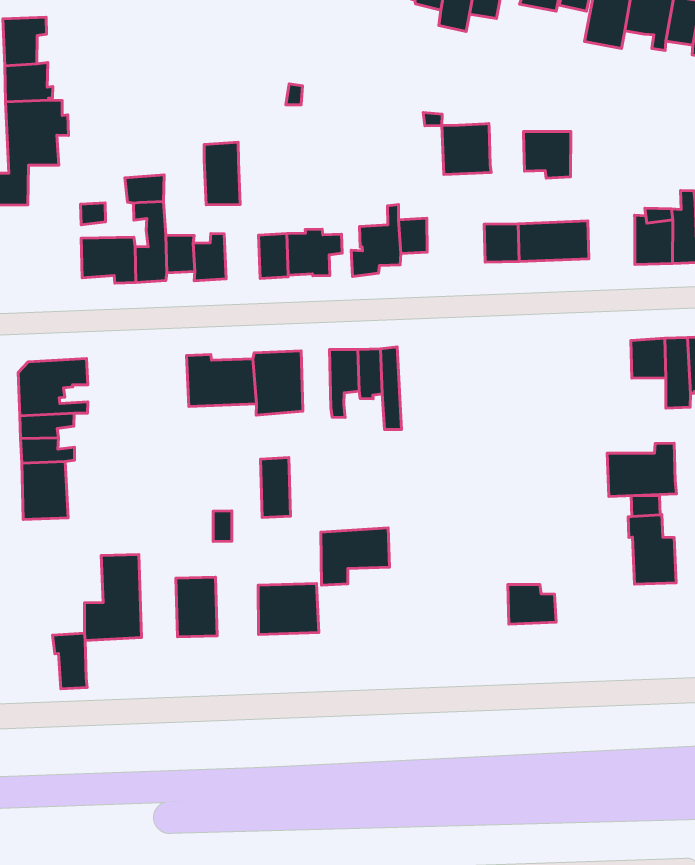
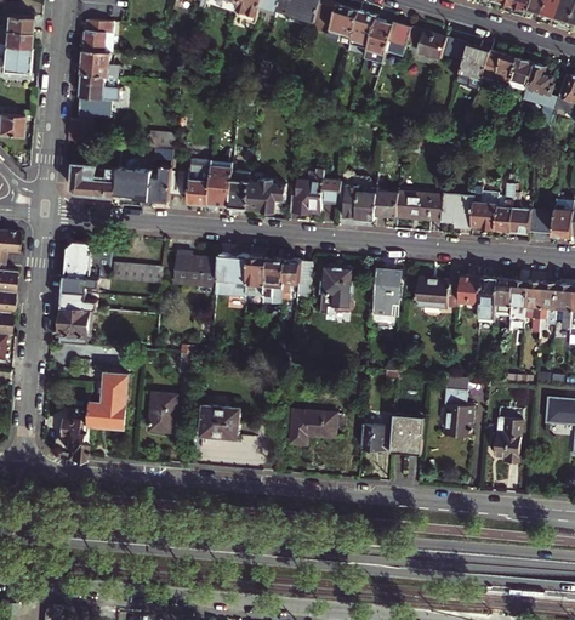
building: [442,123,491,174] -> [343,184,376,218]
building: [523,131,571,178] -> [440,194,473,227]
building: [204,142,240,205] -> [206,165,232,206]
building: none -> [70,150,116,197]
building: none -> [372,268,400,313]
building: none -> [320,262,353,313]
building: none -> [110,262,161,283]
building: [607,443,677,497] -> [415,274,461,308]
building: [261,458,290,518] -> [245,256,267,295]
building: [321,528,389,585] -> [289,409,336,444]
building: none -> [391,413,423,453]

